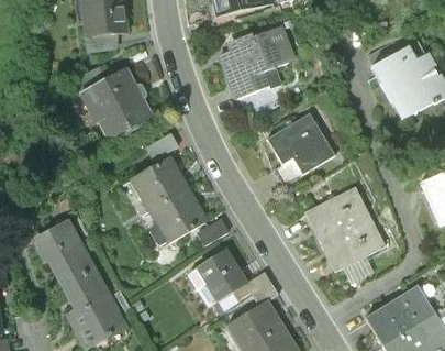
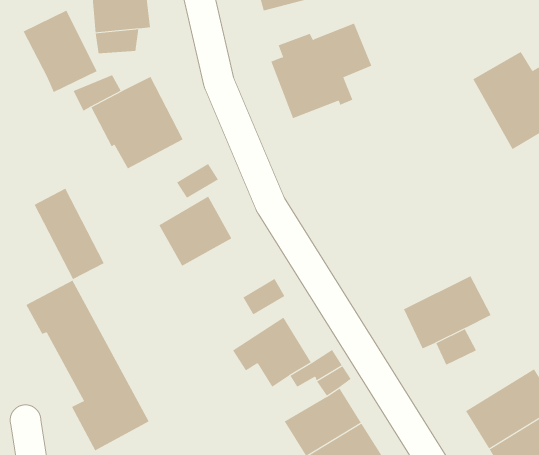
building: none -> [23,10,97,93]
building: [265,114,332,187] -> none
building: none -> [34,188,104,280]
building: [301,187,367,242] -> none
building: [152,189,207,242] -> none

